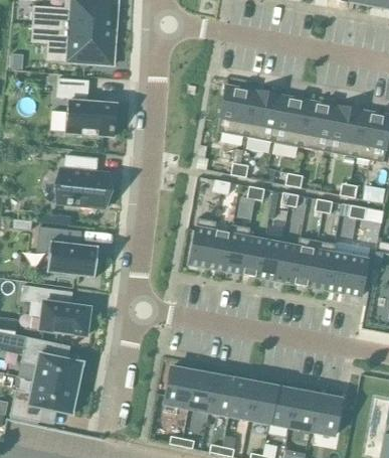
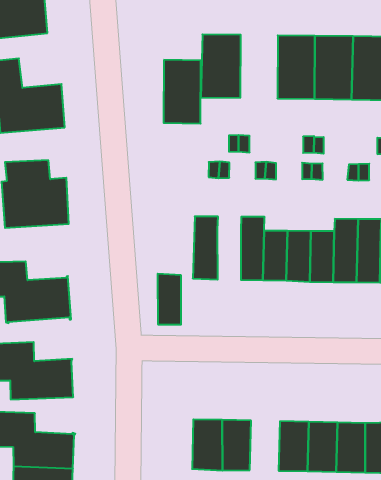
building: [246,90,281,141] -> [164,60,201,124]
building: [207,230,230,270] -> [158,274,181,325]
building: [207,374,235,415] -> none

